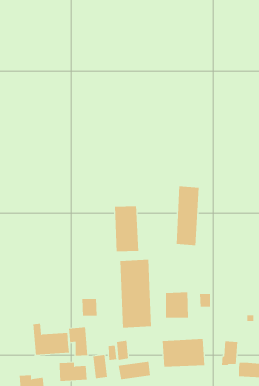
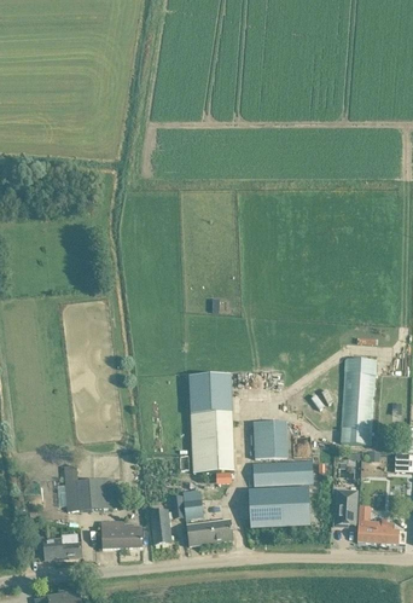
building: [176,186,200,246] -> [342,358,376,443]
building: [115,205,139,252] -> none
building: [82,298,97,316] -> none
building: none -> [252,458,313,485]
building: [69,327,88,357] -> none

